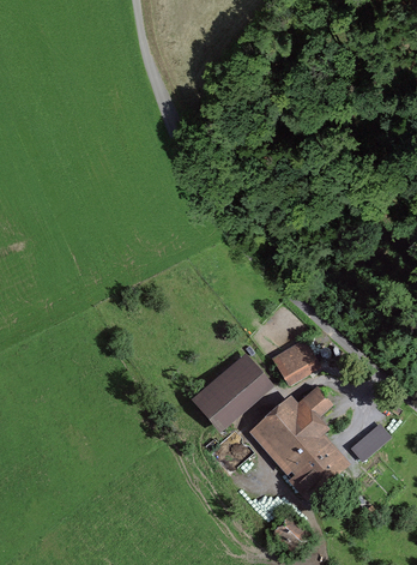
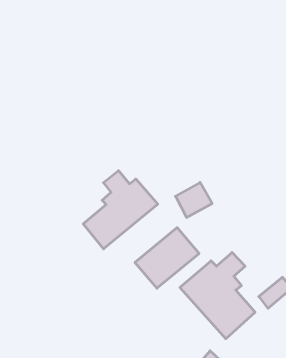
building: none -> [83,171,158,249]
building: [272,339,320,385] -> [175,182,212,217]

